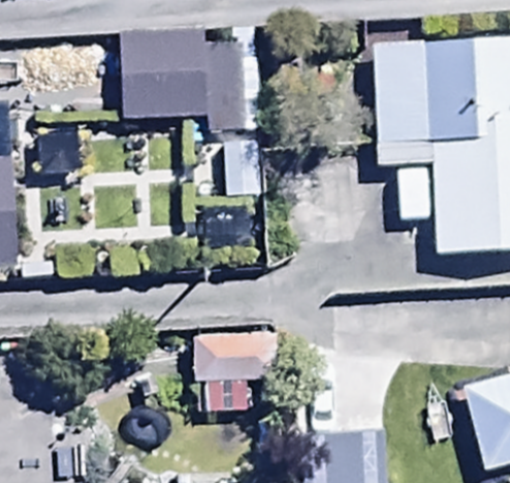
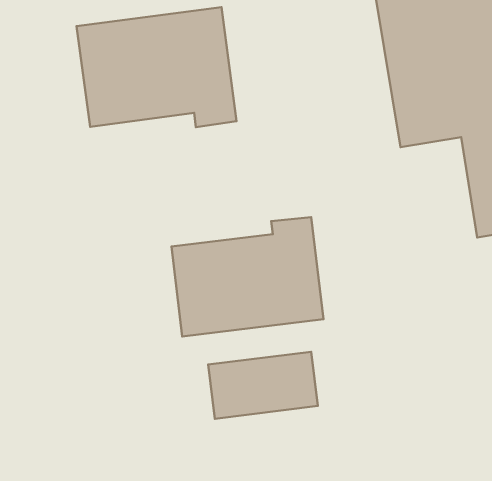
building: none -> [171,217,323,337]

